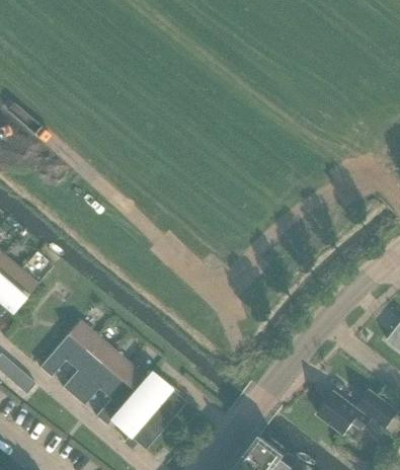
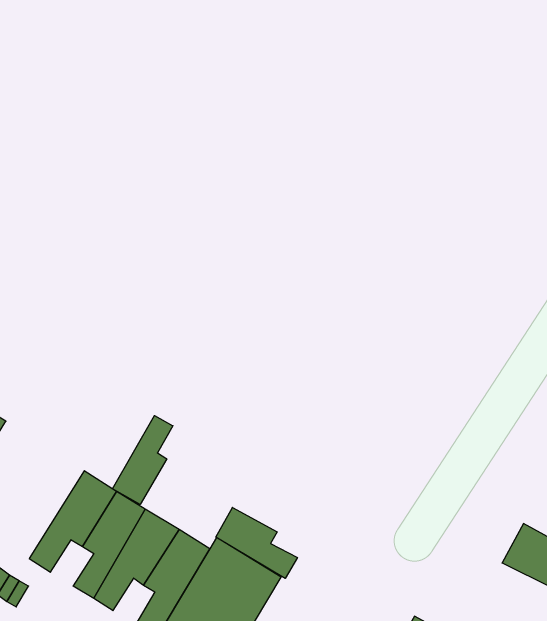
building: none -> [112,416,173,504]
building: none -> [216,507,297,578]

